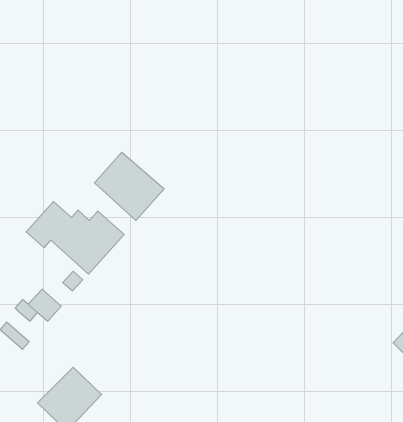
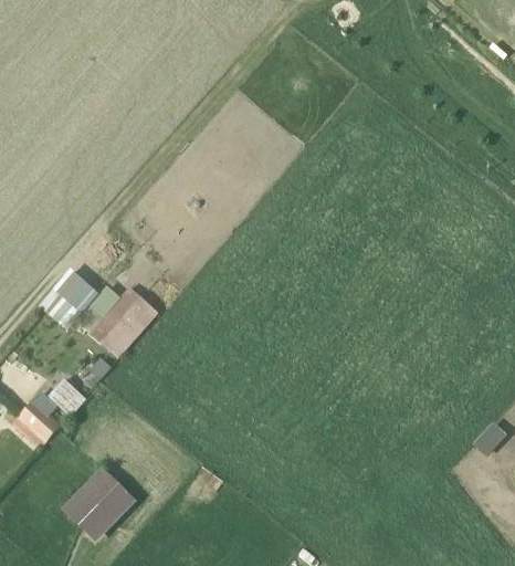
building: [94,152,164,221] -> none
building: none -> [22,400,61,438]

